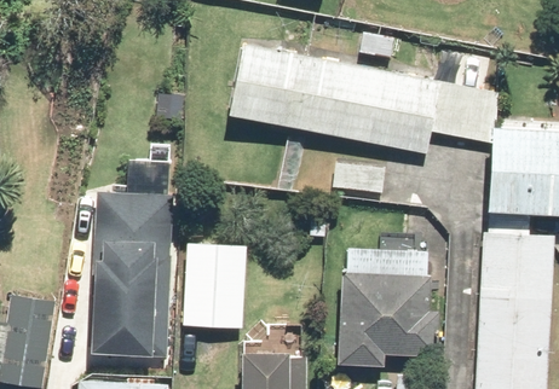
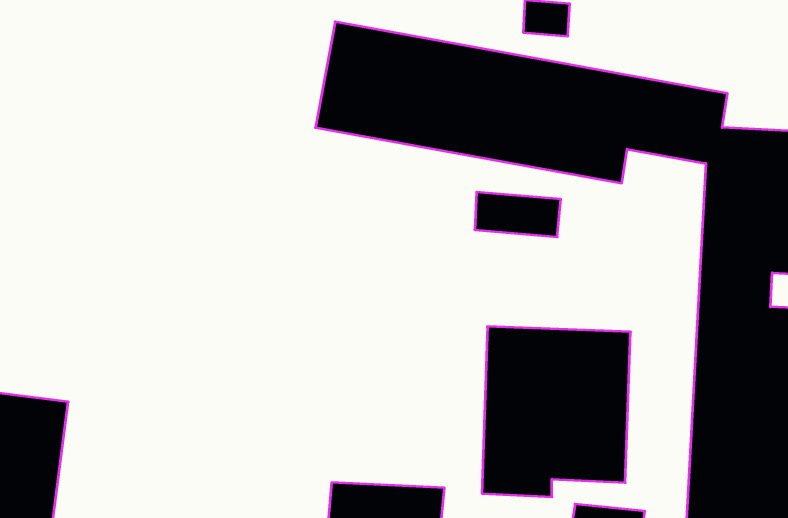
building: [87,188,177,358] -> none
building: [184,243,247,327] -> none

